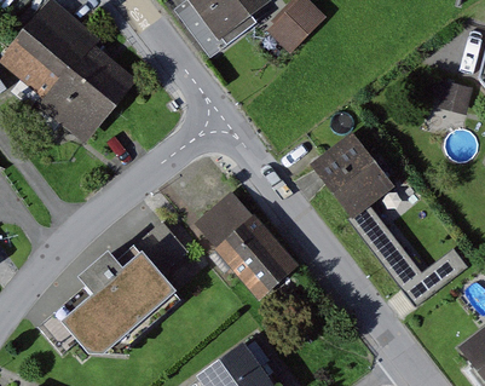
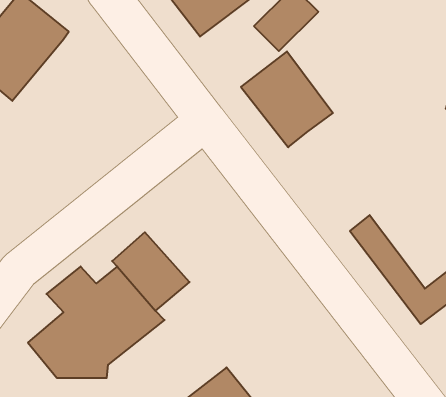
building: [36,42,135,144] -> none
building: [310,131,394,219] -> [241,51,333,147]
building: [197,195,295,294] -> none

